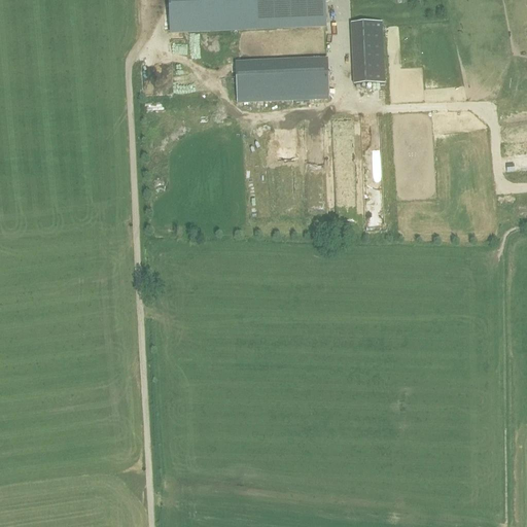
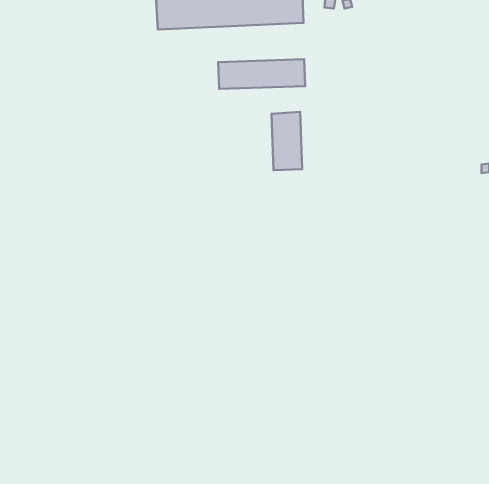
building: [351,17,384,80] -> [272,112,302,170]

